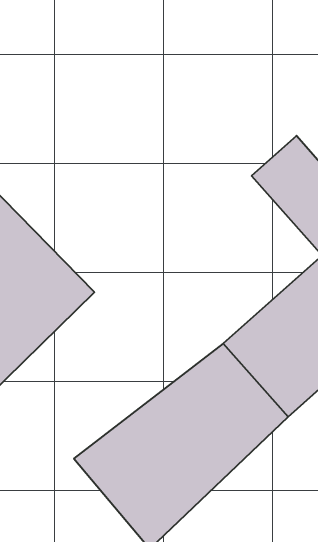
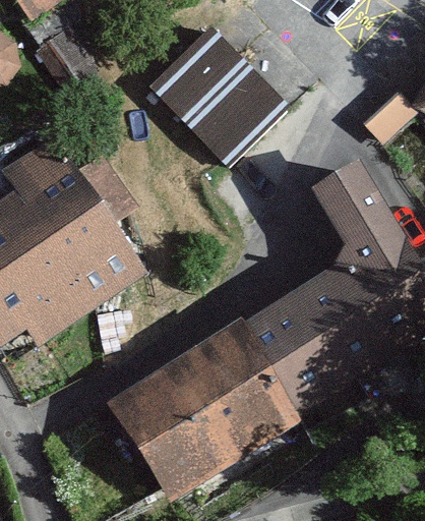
building: none -> [159,30,288,159]

